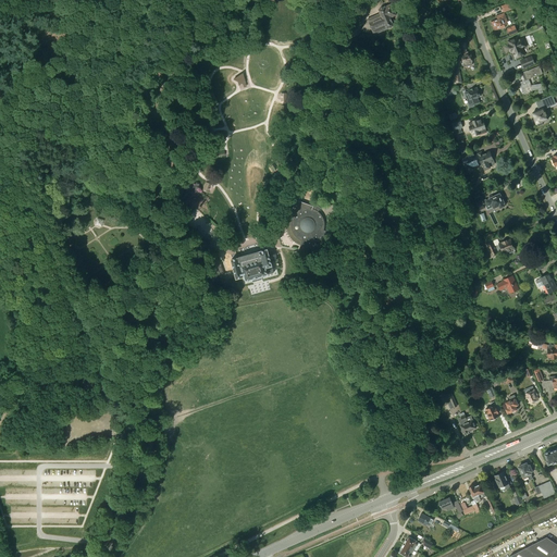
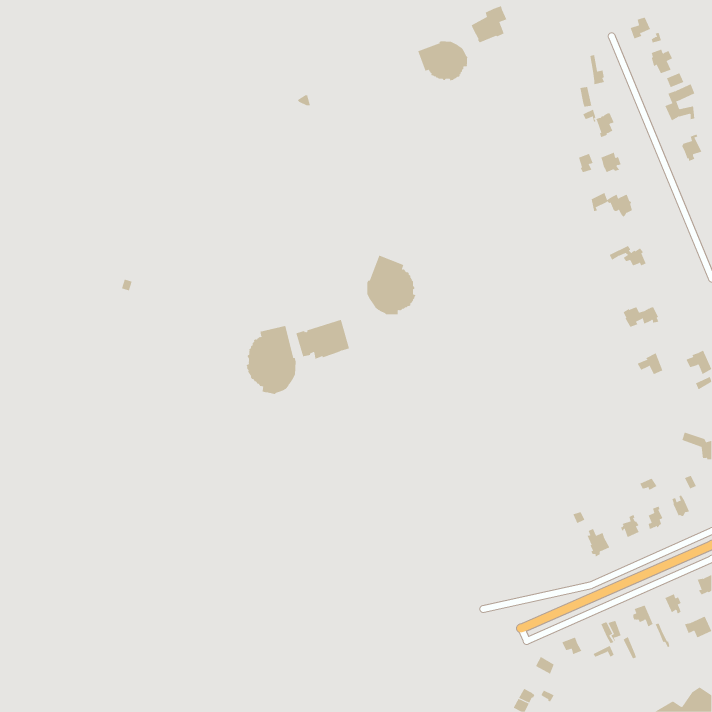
building: none -> [418,41,468,82]
building: none -> [245,325,296,395]

